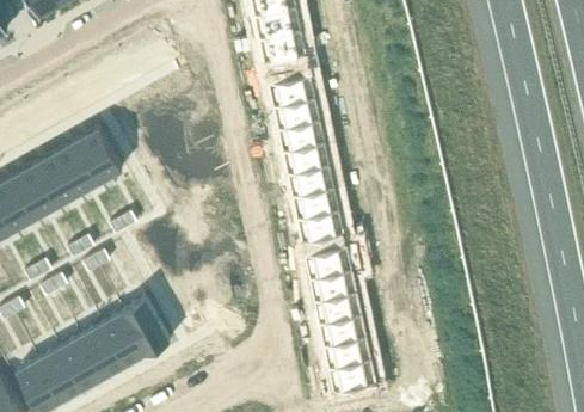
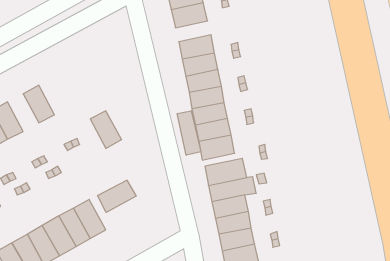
building: [75,134,118,185] -> [90,111,122,148]
building: [32,156,75,208] -> none
building: none -> [177,111,201,155]
building: none -> [98,180,136,212]

